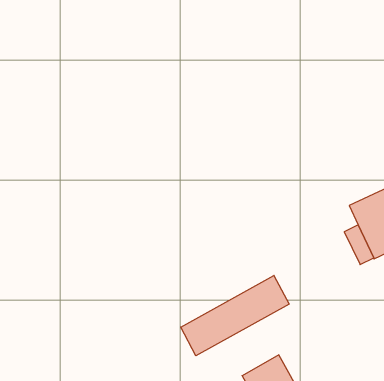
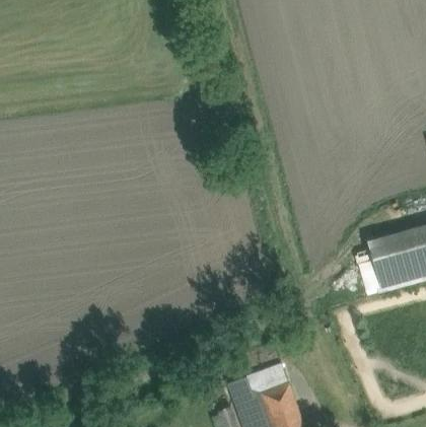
building: [181,275,289,356] -> none

